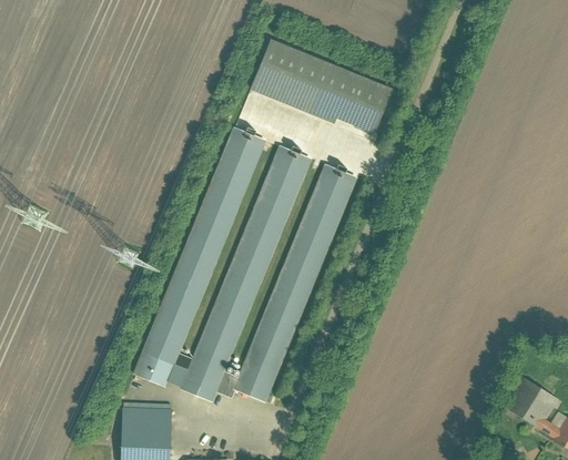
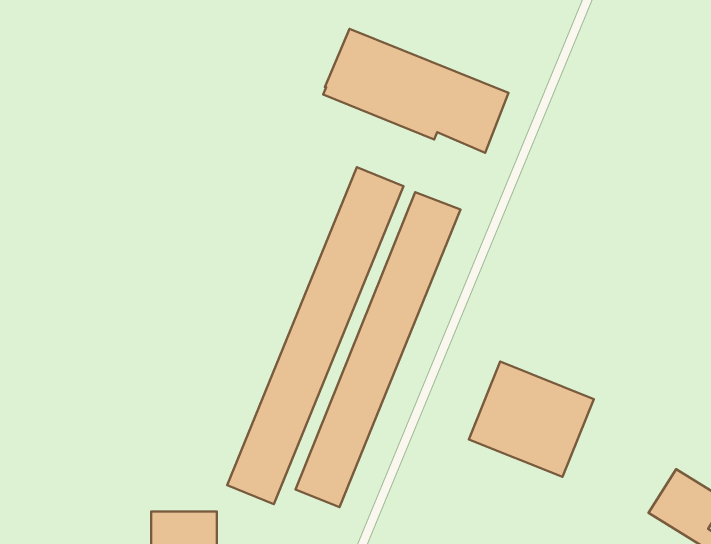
building: [132,129,267,385] -> none
building: none -> [469,361,594,477]

